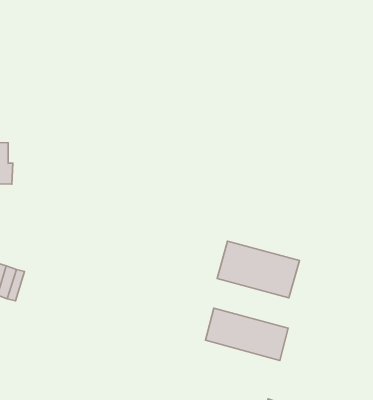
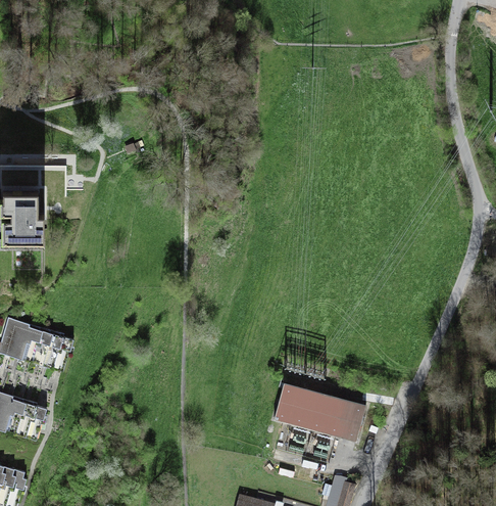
building: [217,241,299,298] -> none

